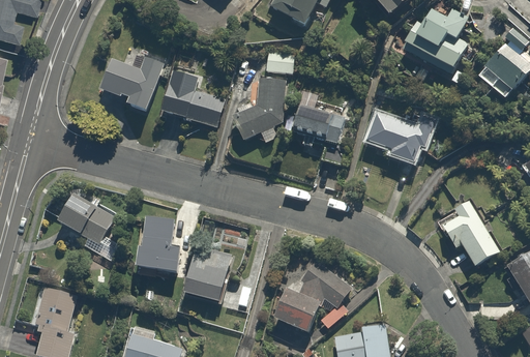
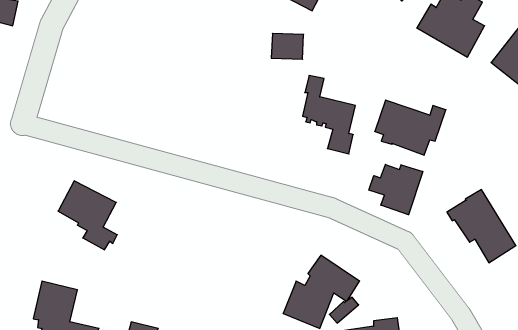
building: [98,55,164,115] -> none
building: [159,71,222,128] -> none
building: [230,81,284,145] -> none
building: none -> [369,164,423,215]
building: [139,217,182,276] -> none
building: [185,246,232,302] -> none

